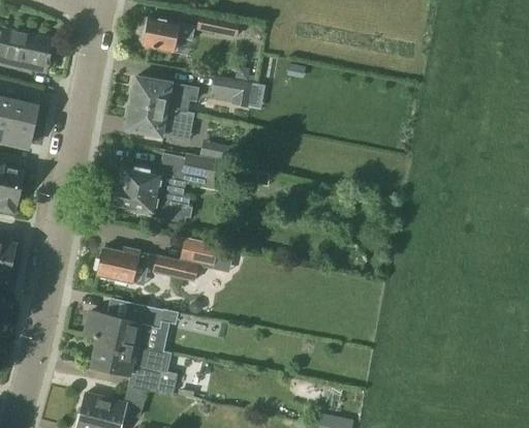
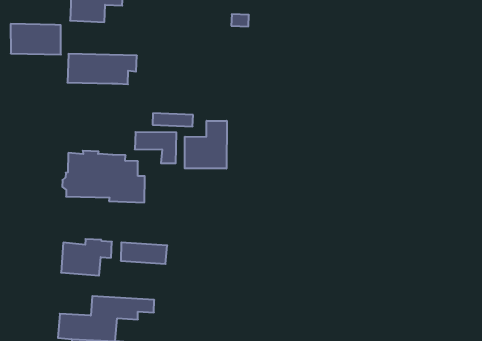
building: [211,78,252,109] -> none
building: [126,103,176,139] -> [11,24,61,55]
building: none -> [185,121,227,169]
building: [179,239,217,269] -> none

